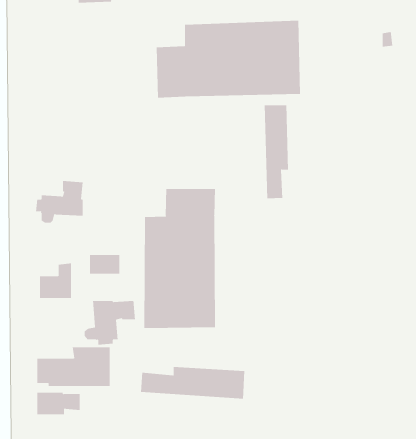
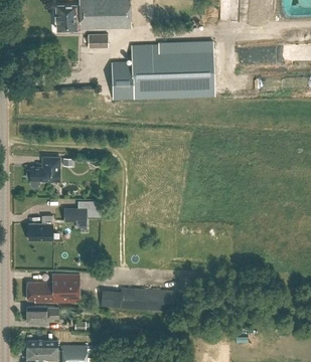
building: [264,105,288,199] -> none
building: [144,188,215,329] -> none
building: [84,300,135,346] -> none

